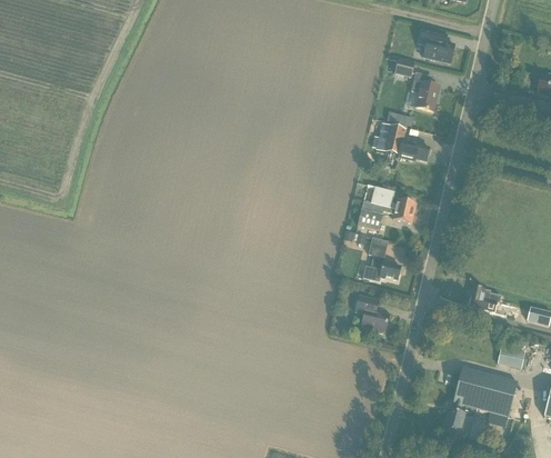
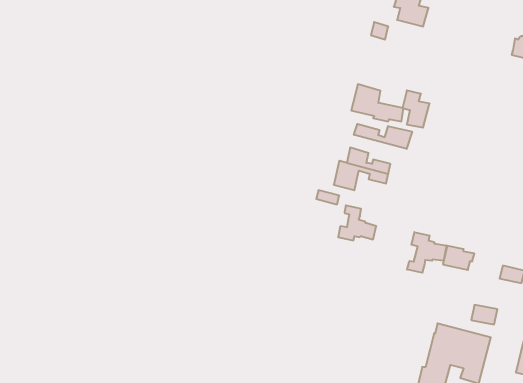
building: [411,71,439,109] -> [402,90,430,128]
building: none -> [354,124,412,149]
building: none -> [407,232,447,273]
building: [354,293,389,330] -> none

